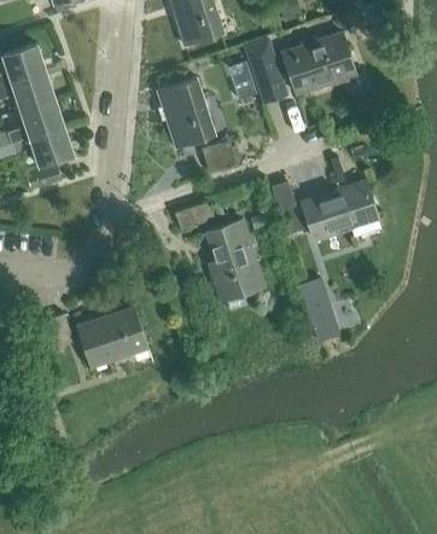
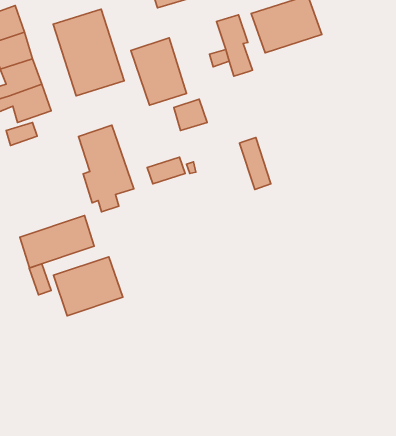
building: none -> [53,9,124,96]
building: [302,180,378,240] -> none
building: [206,220,264,310] -> [78,125,134,212]
building: none -> [20,216,94,268]
building: [299,278,340,342] -> none

